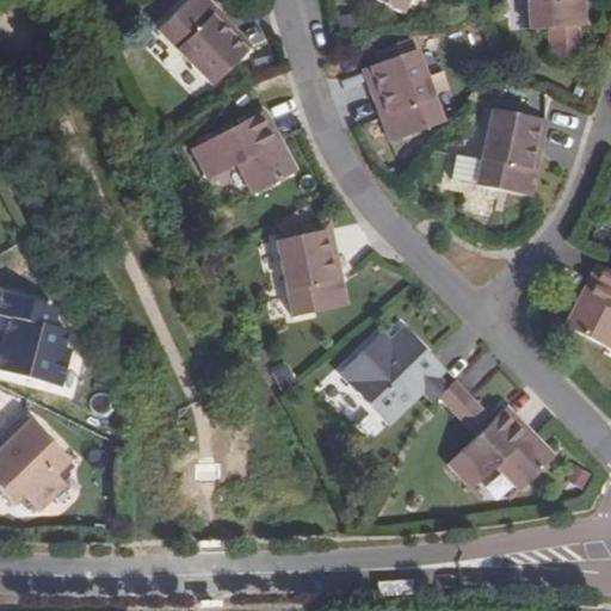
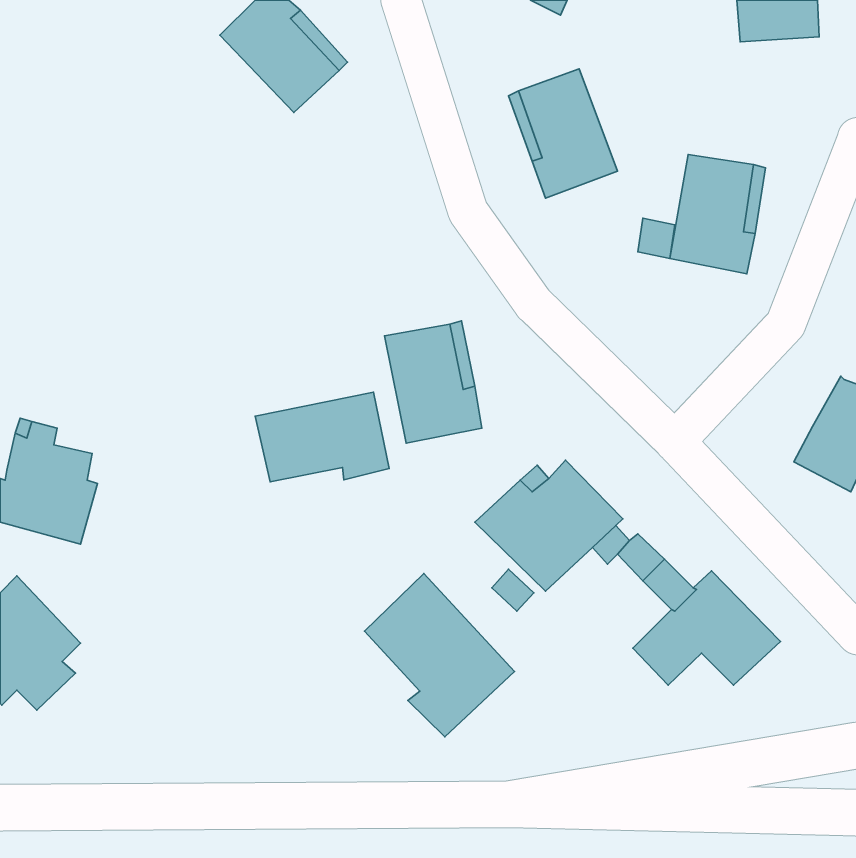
building: [191,110,296,193] -> none
building: none -> [255,392,389,482]
building: none -> [364,574,515,737]

